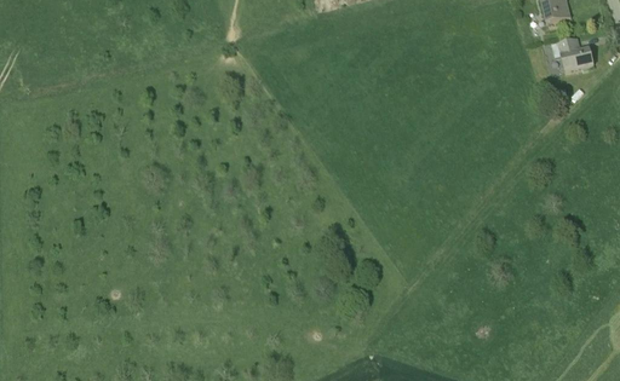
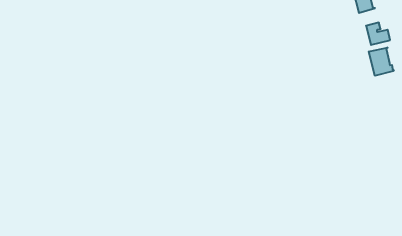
building: none -> [369,48,394,76]

